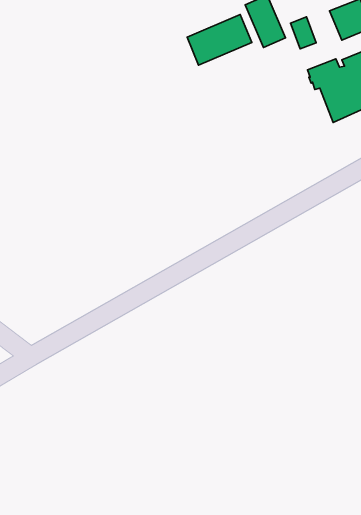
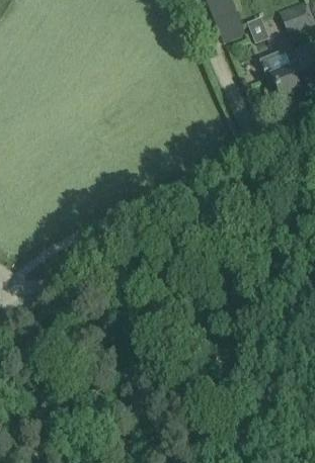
building: [187,15,252,65] -> none

